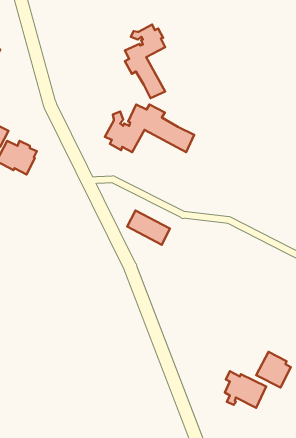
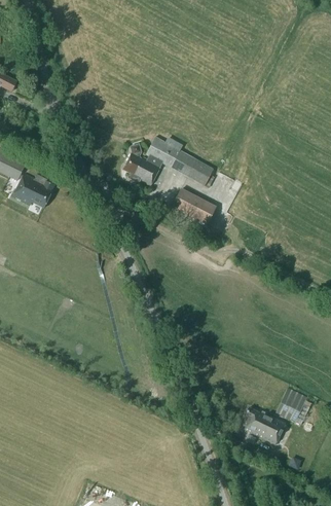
building: [125,24,165,98] -> none
building: [127,210,170,245] -> [172,189,215,224]

